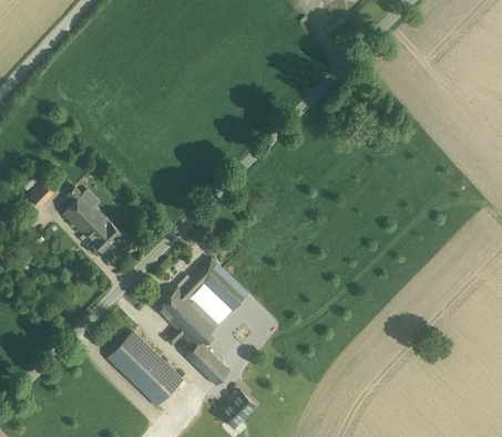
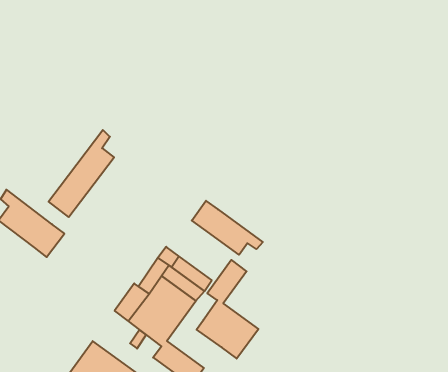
building: none -> [49,130,114,217]
building: none -> [192,201,263,255]
building: none -> [197,260,258,359]

